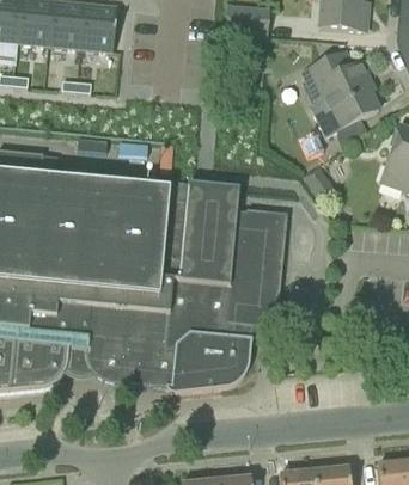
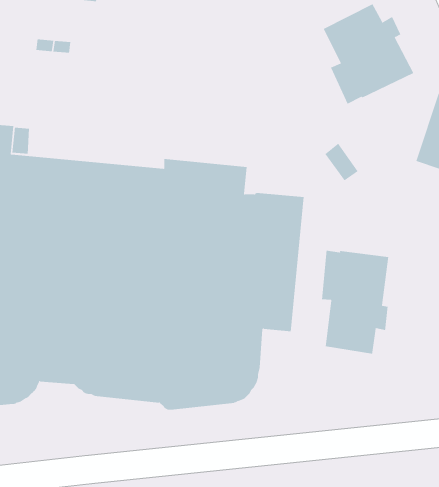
building: none -> [321,250,389,354]

